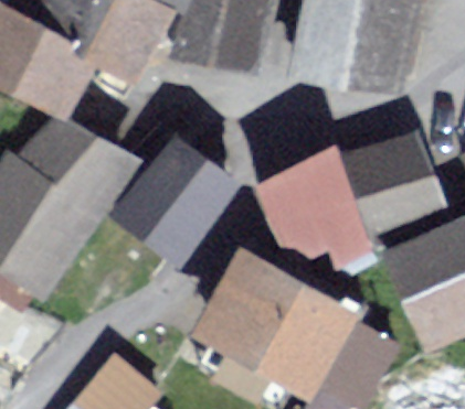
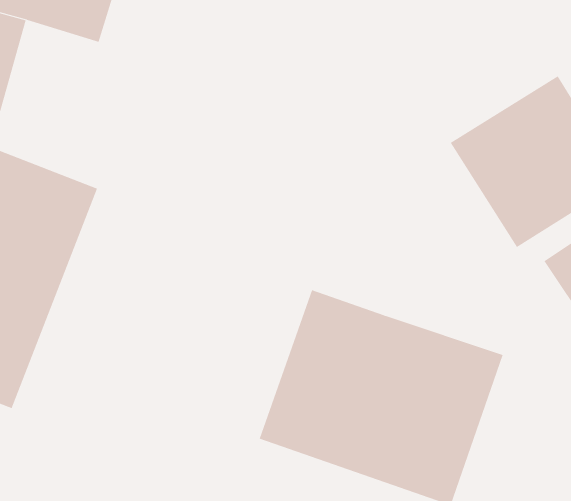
building: [119,136,235,255] -> none
building: [258,147,376,261] -> none

